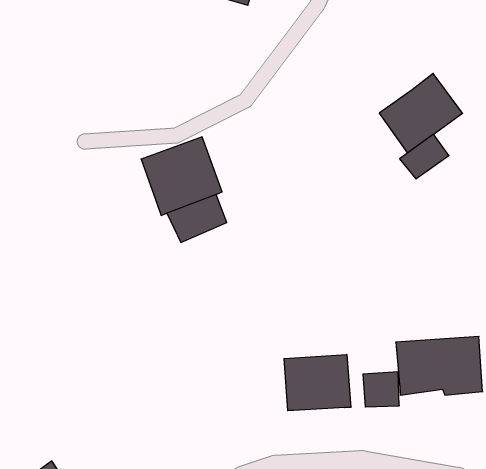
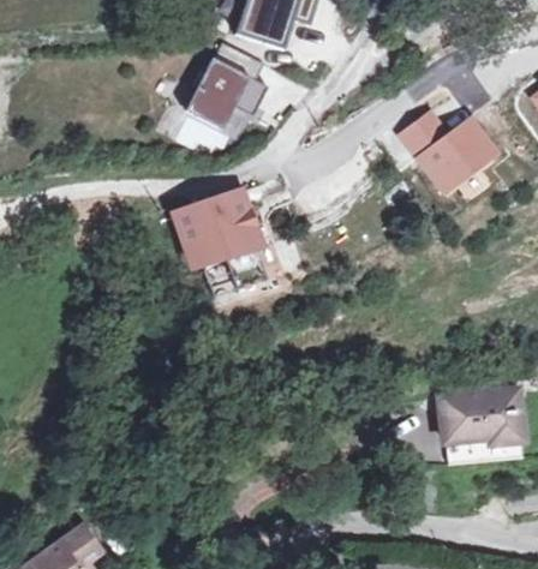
building: none -> [189,61,270,133]
building: [400,134,449,179] -> [400,110,450,156]
building: [284,354,351,411] -> none

